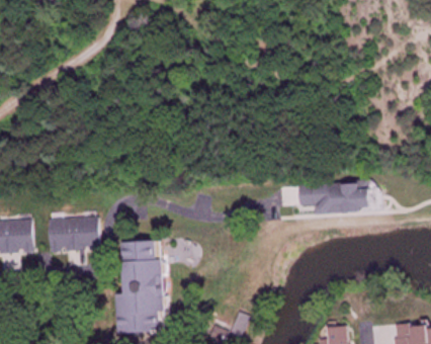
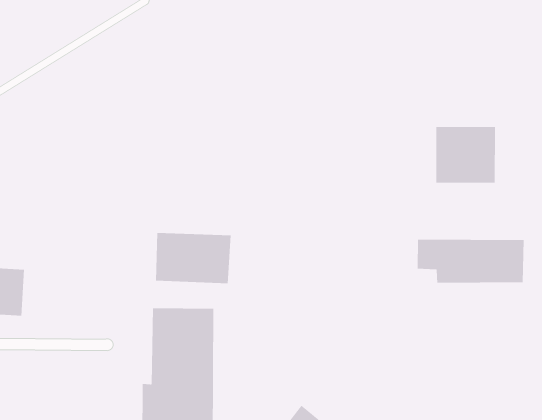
building: none -> [436,126,495,184]
building: [46,216,97,250] -> [155,232,231,284]

